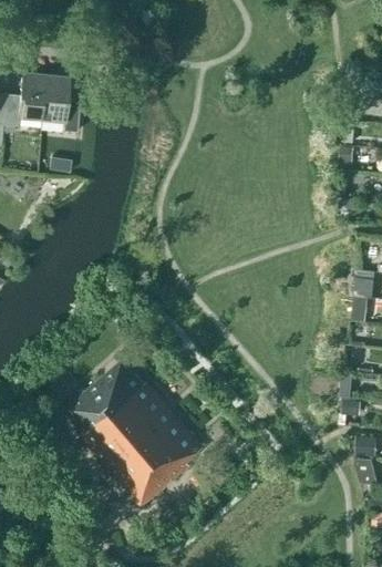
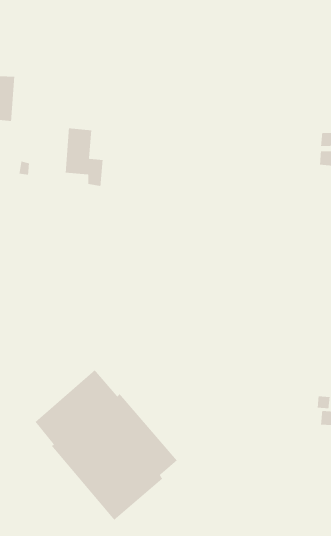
building: [41,74,79,132] -> [65,127,103,187]

